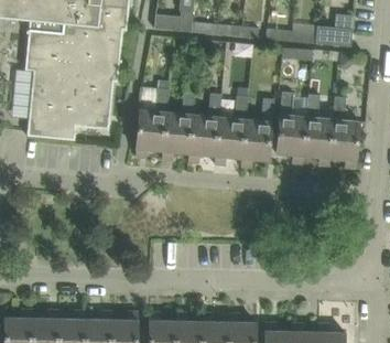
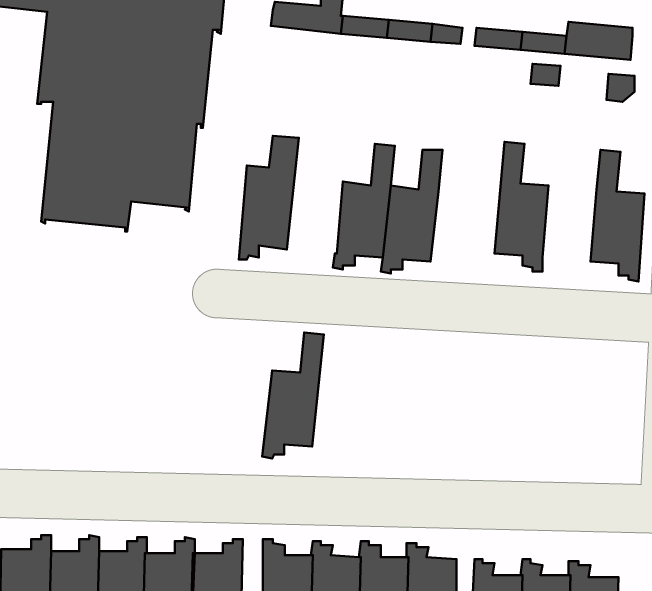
building: [161,92,195,161] -> [262,333,324,458]
building: [303,95,333,168] -> none
building: [240,99,274,168] -> none

